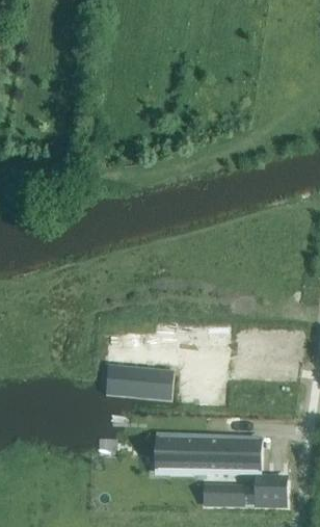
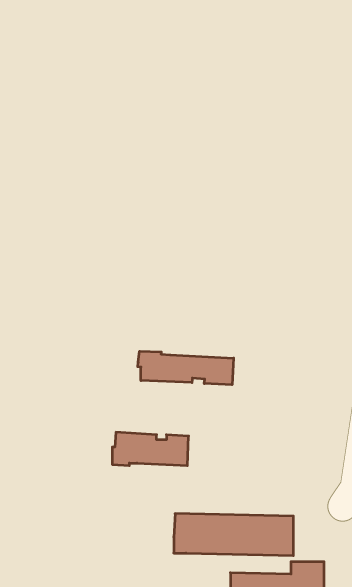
building: none -> [138,351,234,385]

